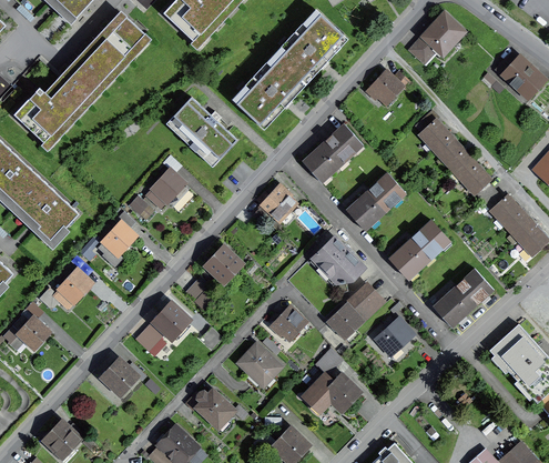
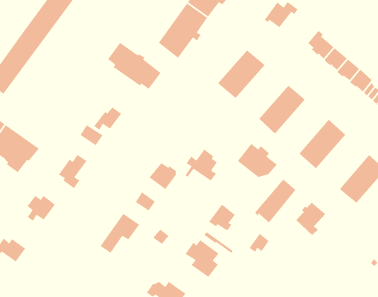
building: [253,184,295,225] -> [184,148,218,182]
building: [102,359,140,394] -> none
building: [304,374,358,410] -> none

